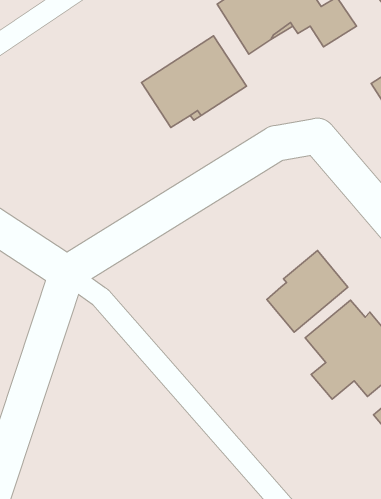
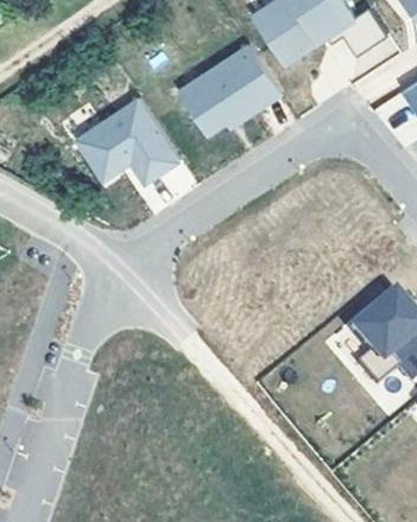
building: none -> [78,97,182,185]
building: [267,250,348,332] -> none

